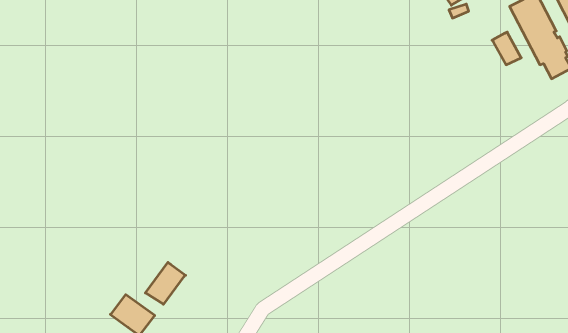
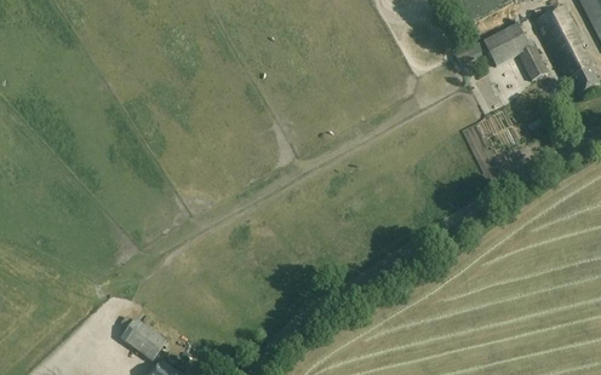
building: none -> [483,22,531,65]
building: [145,262,186,304] -> none

